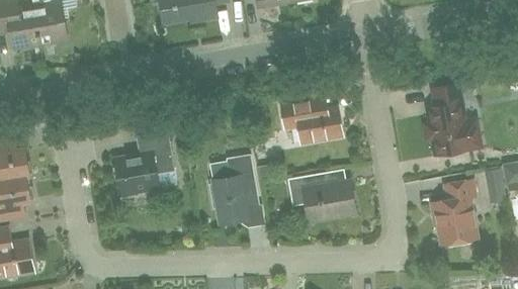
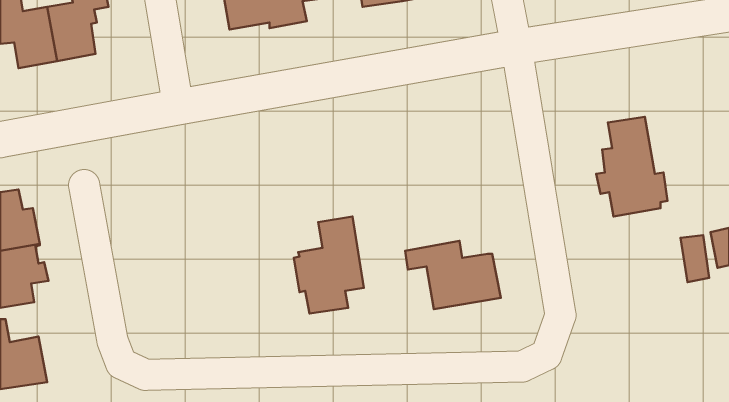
building: [280,97,342,143] -> none
building: [113,131,174,200] -> none
building: [431,180,476,245] -> none

